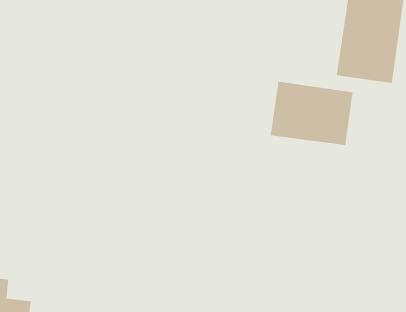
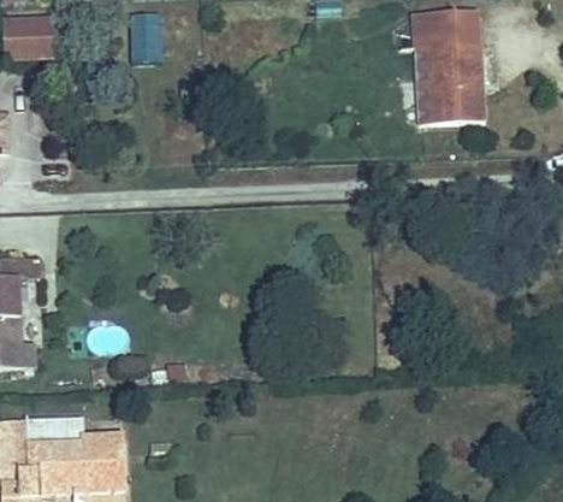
building: [270,81,353,146] -> none

